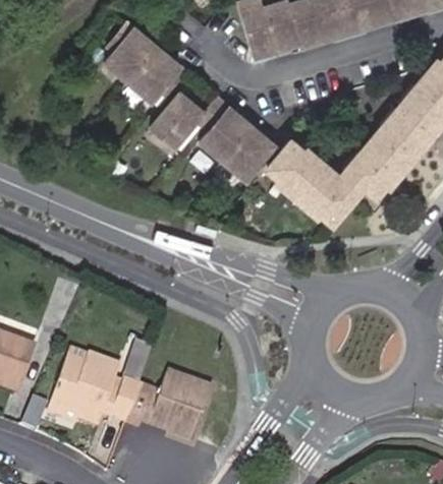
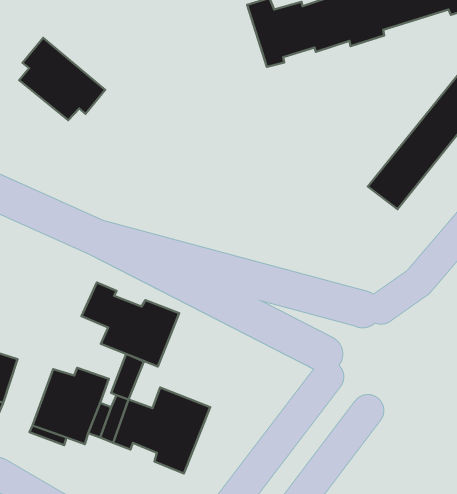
building: [108,27,188,105] -> [19,38,105,120]
building: [156,97,361,226] -> none
building: none -> [81,283,179,366]

